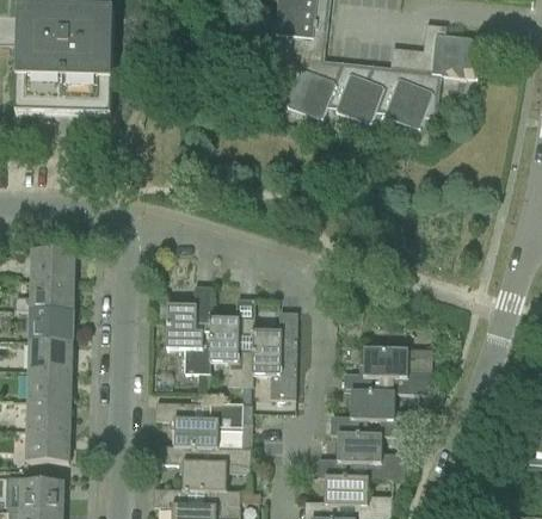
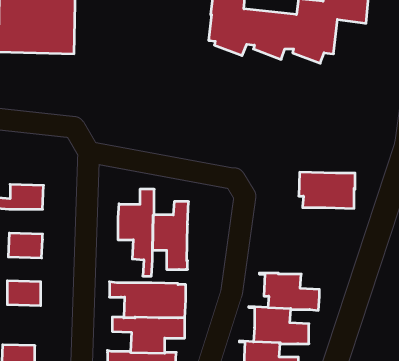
building: [31,249,74,280] -> none
building: [30,310,72,341] -> none
building: [252,314,297,398] -> none
building: [362,347,432,393] -> [299,172,355,208]
building: [27,370,70,401] -> none
building: [26,430,69,462] -> none

